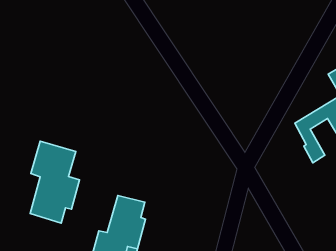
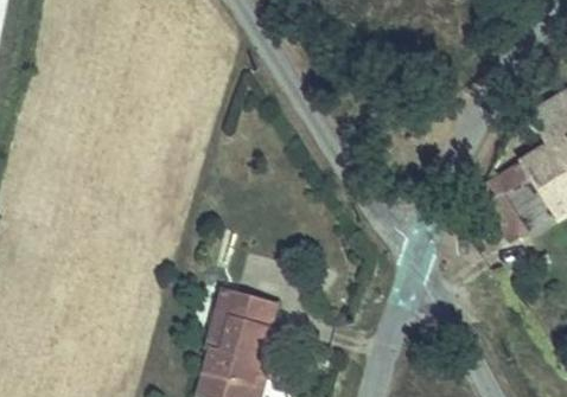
building: [30,141,80,223] -> none

